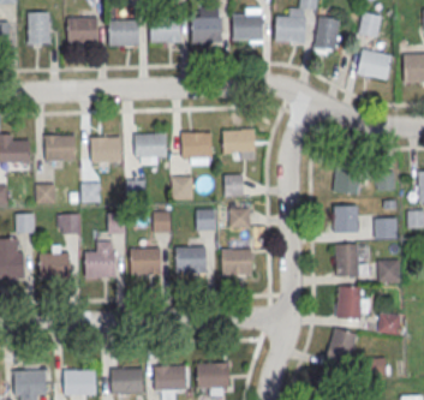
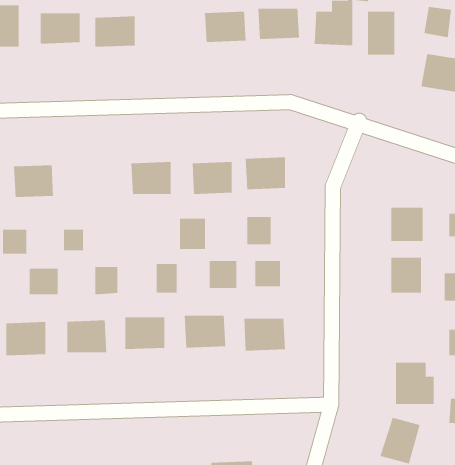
building: [149,17,180,41] -> none
building: [90,136,121,162] -> none
building: [335,244,366,275] -> none

